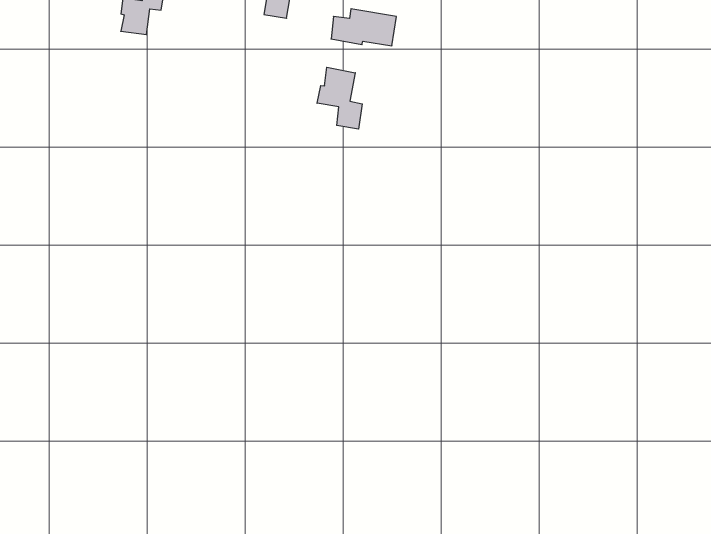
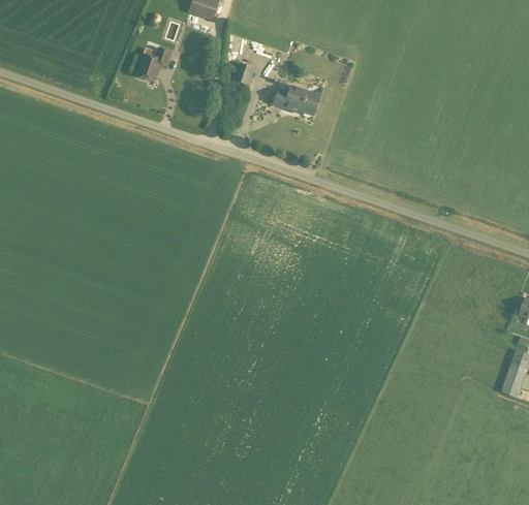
building: [317,67,362,129] -> none

